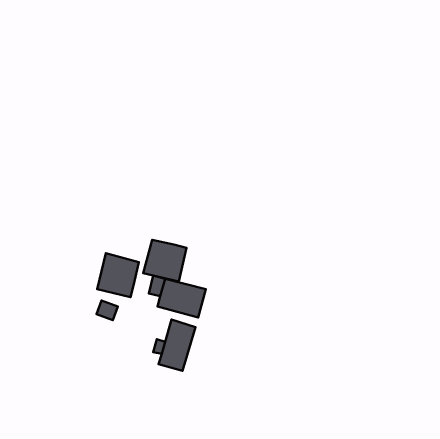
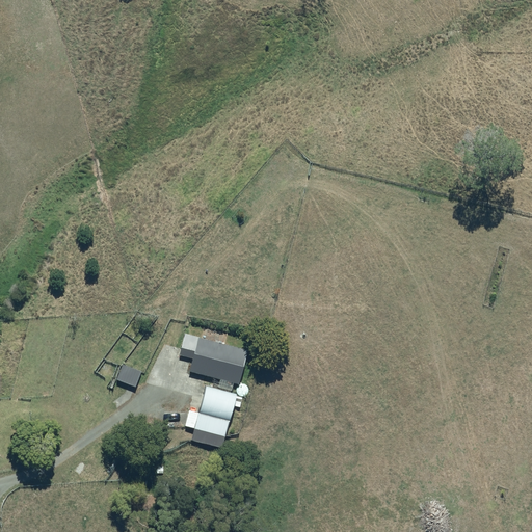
building: [143,240,187,282] -> none
building: [97,253,139,297] -> none

